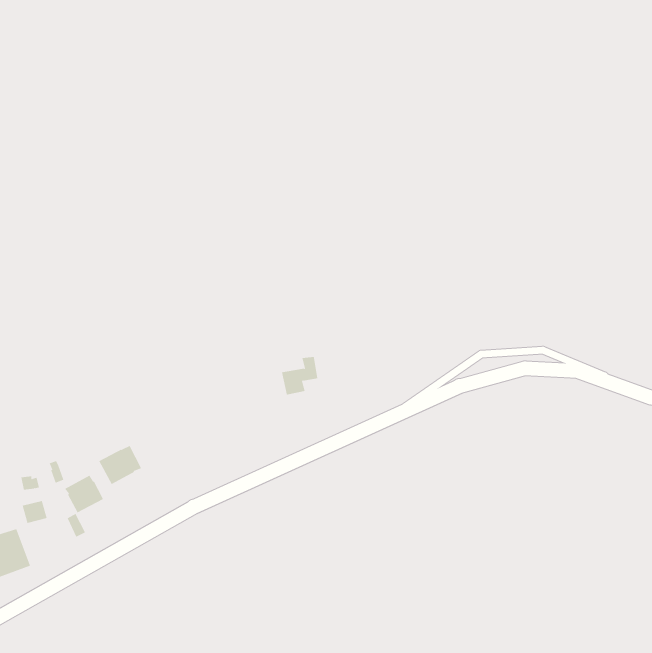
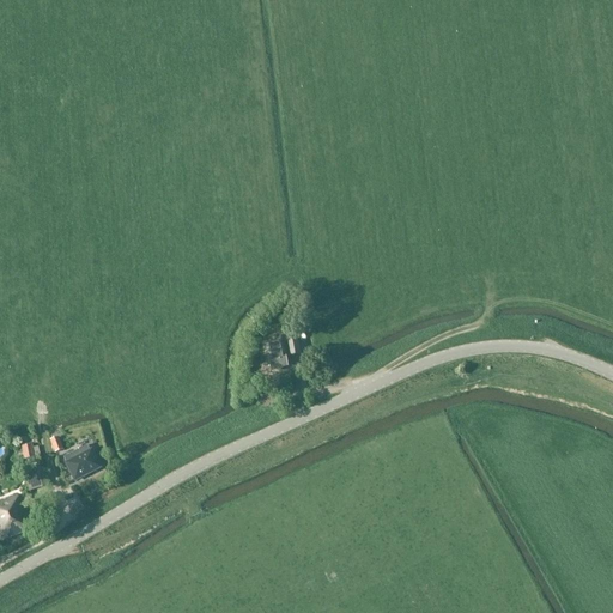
building: [99,445,142,485] -> none

